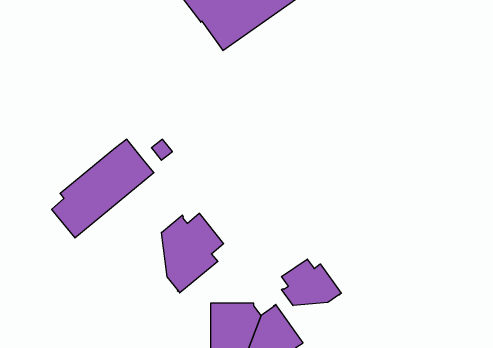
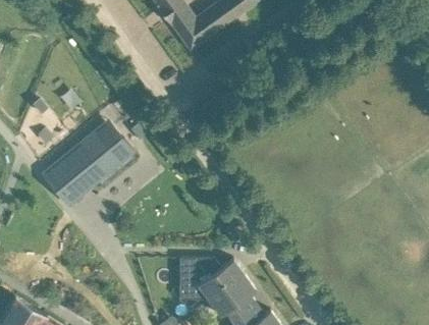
building: [161,213,224,293] -> none
building: [282,259,341,306] -> none

